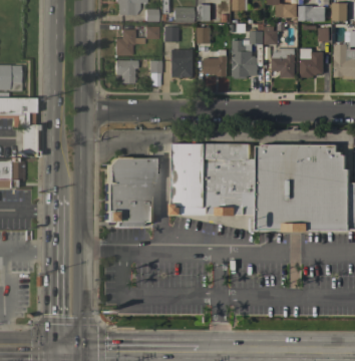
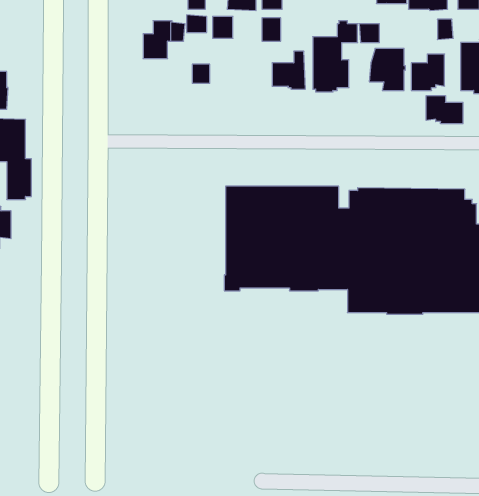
building: [169,48,193,77] -> none
building: [115,59,136,82] -> none
building: none -> [426,96,463,124]
building: [104,156,153,227] -> none

